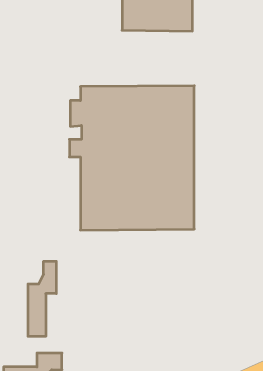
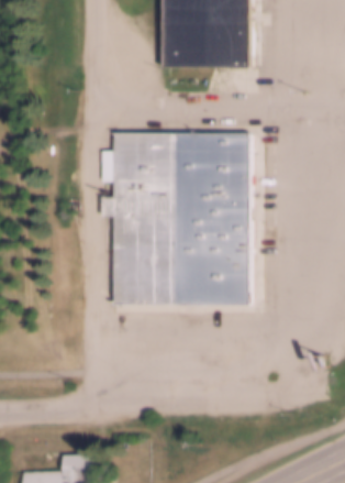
building: [28,261,56,336] -> none

